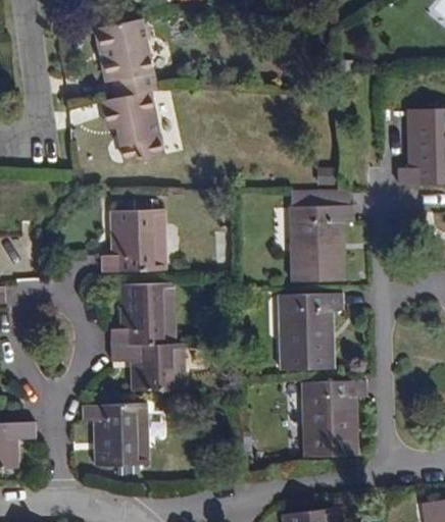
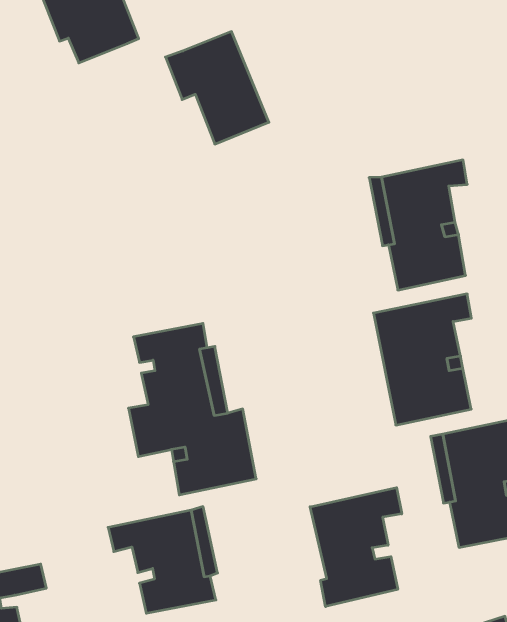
building: [103,92,163,163] -> [165,32,269,144]
building: [101,209,164,272] -> none
building: none -> [310,488,402,607]

